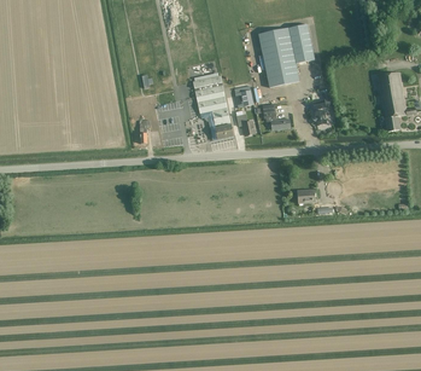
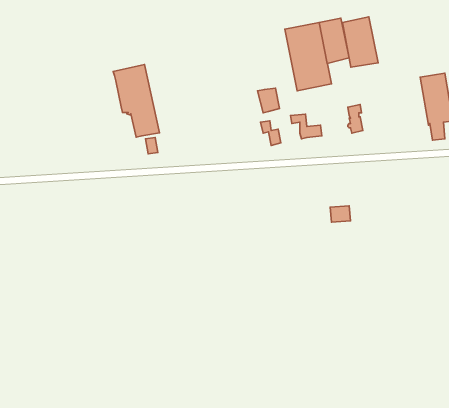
building: none -> [342,17,378,67]
building: [194,75,235,139] -> [113,65,160,137]

